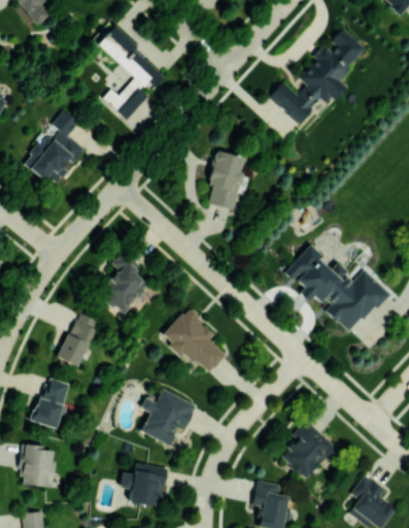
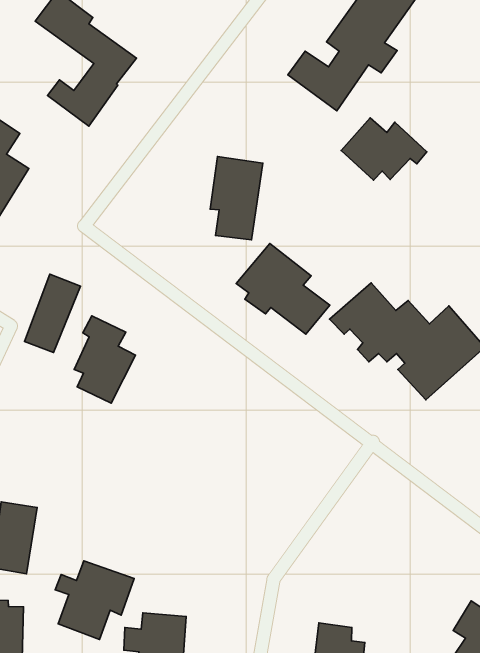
building: none -> [341,118,427,180]
building: [163,308,227,373] -> [236,244,330,334]
building: [58,311,100,366] -> [24,274,81,352]
building: [141,389,197,444] -> [55,561,134,639]
building: [281,420,336,480] -> none

